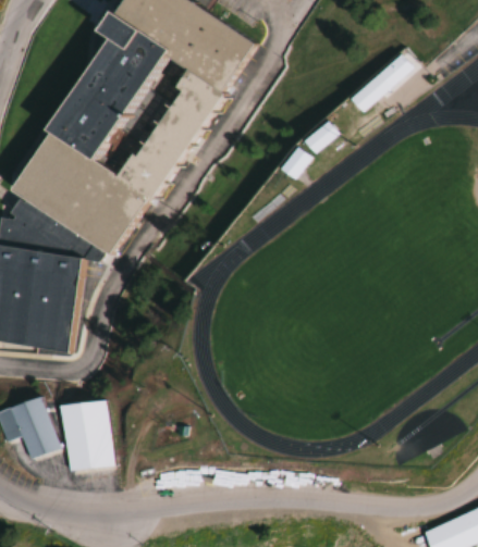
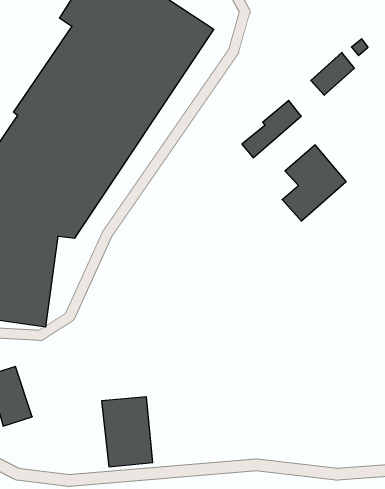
building: none -> [282,145,346,221]
building: [62,399,115,472] -> [102,397,153,467]

